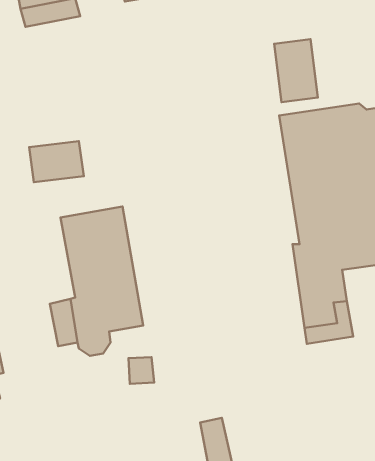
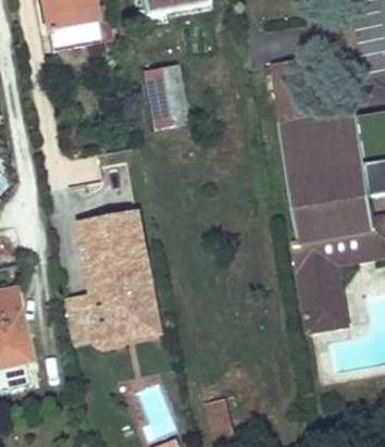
building: none -> [142,63,186,128]

